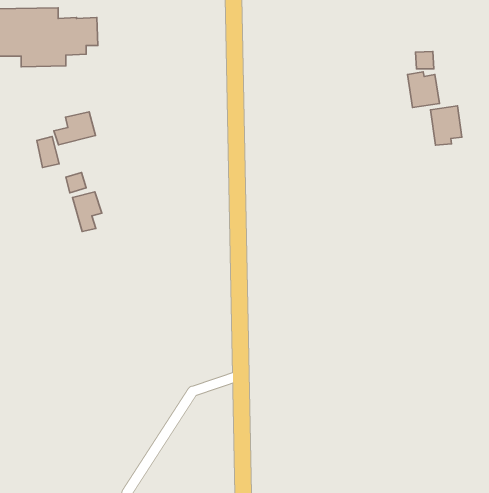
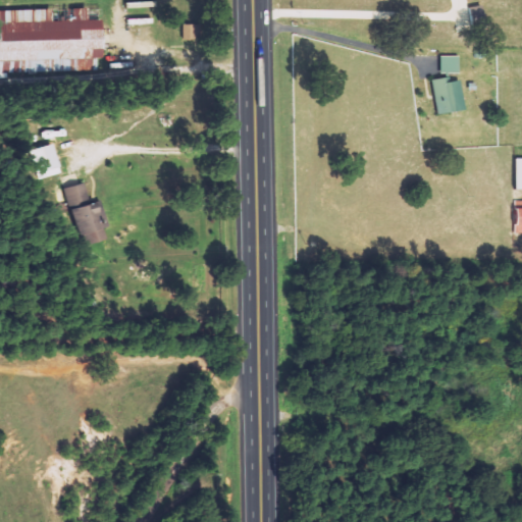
building: [430,106,462,145] -> none
building: [54,112,96,145] -> none

